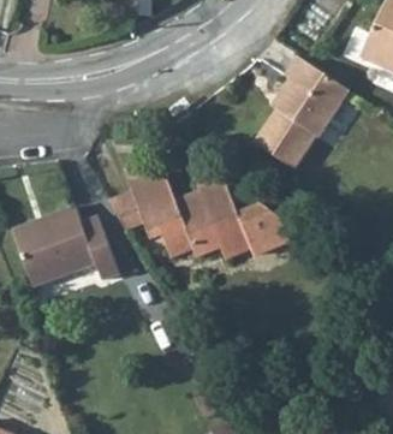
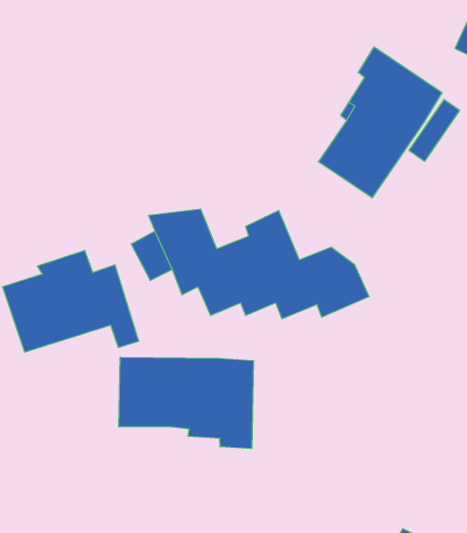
building: none -> [119,357,254,449]

